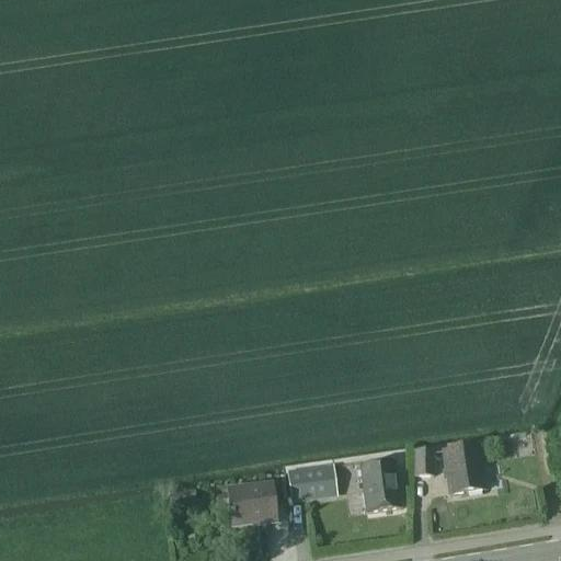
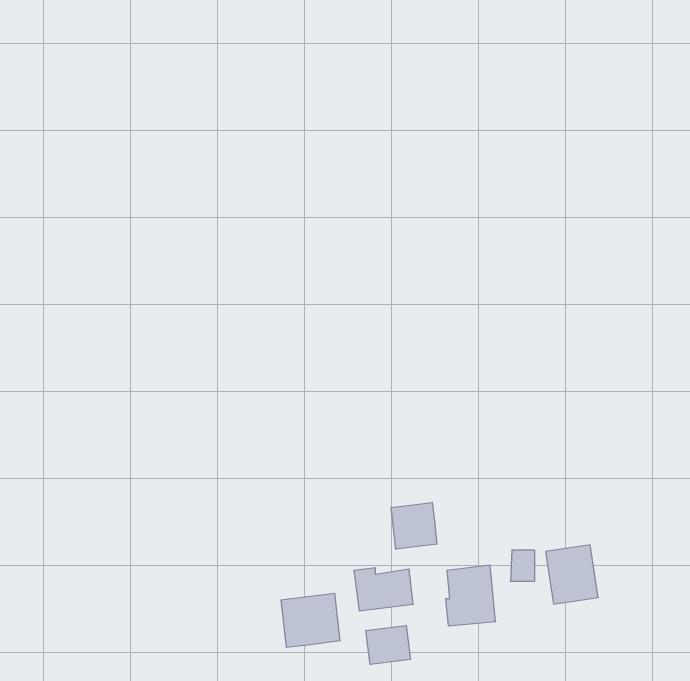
building: none -> [391,502,437,549]
building: none -> [366,625,410,665]

